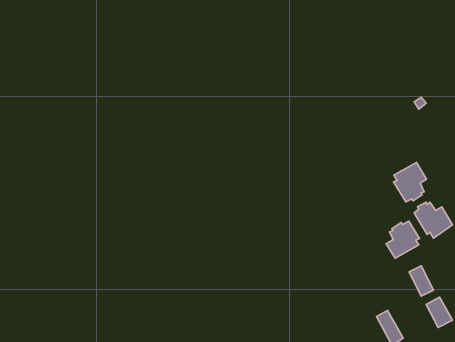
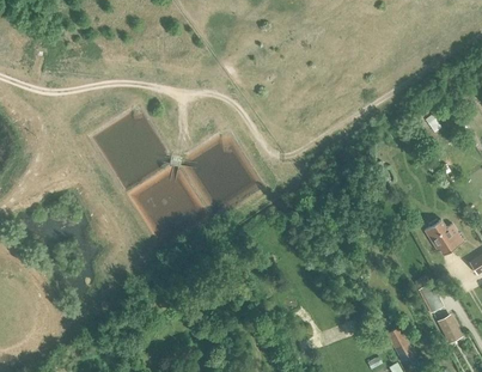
building: [394,163,427,202] -> none
building: [386,221,420,258] -> none

